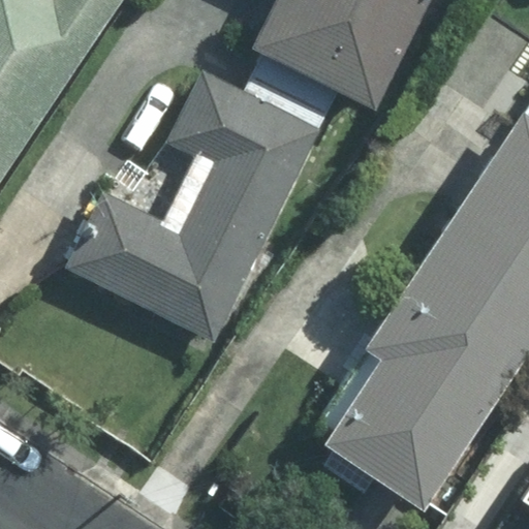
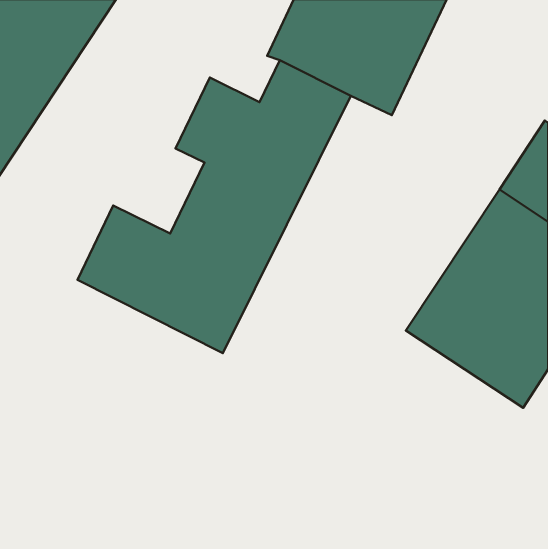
building: [331,317,502,508] -> none

